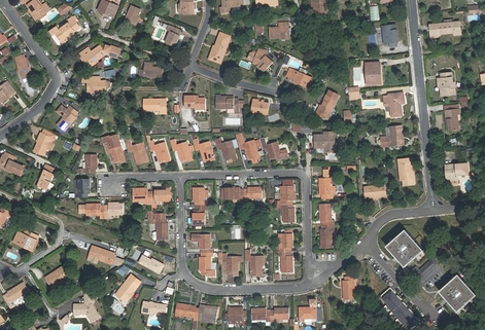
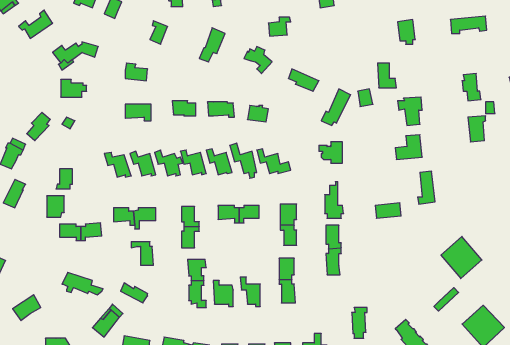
building: [101,135,126,162] -> none
building: [444,162,467,186] -> none
building: [386,229,422,266] -> [441,236,482,279]

